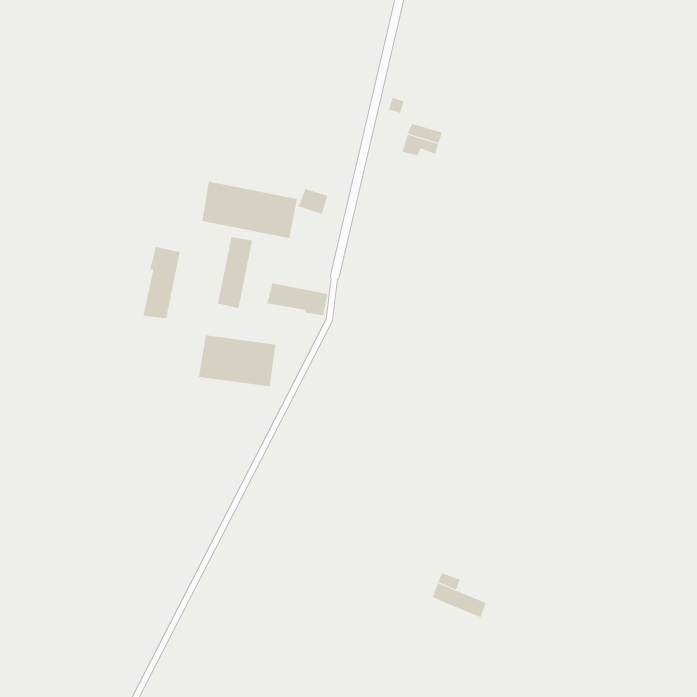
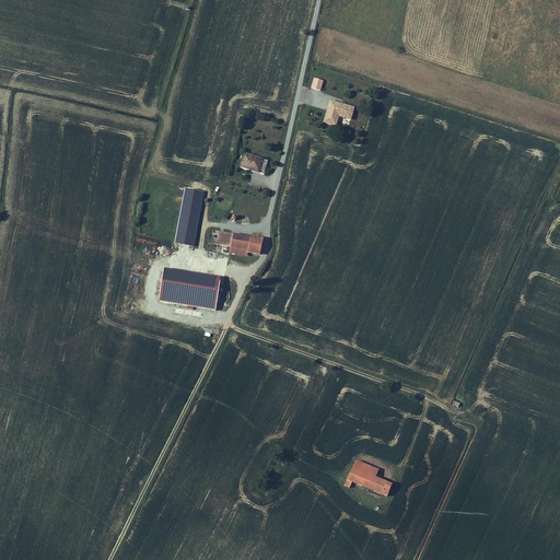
building: [202,181,298,239] -> none
building: [143,246,180,319] -> none

